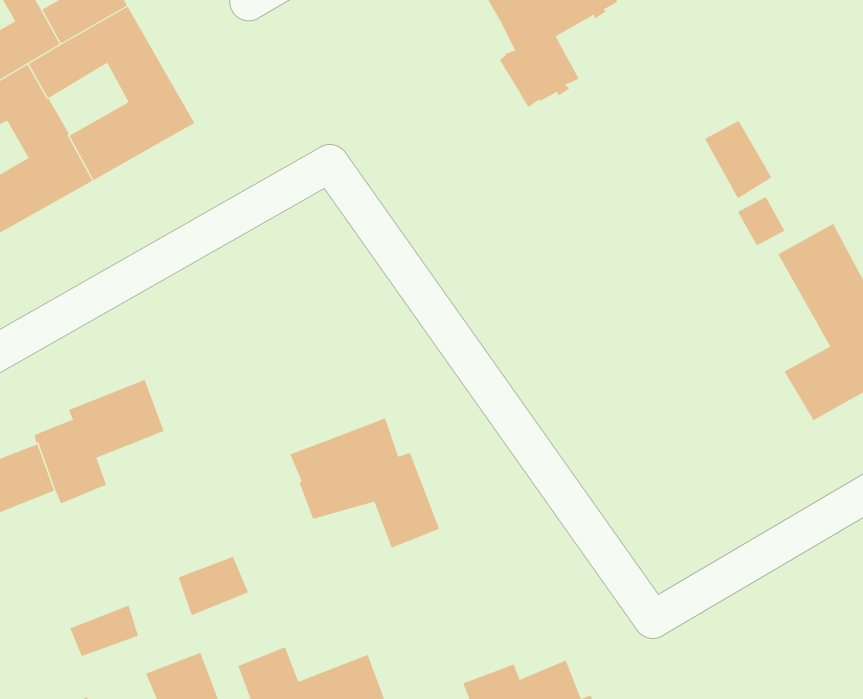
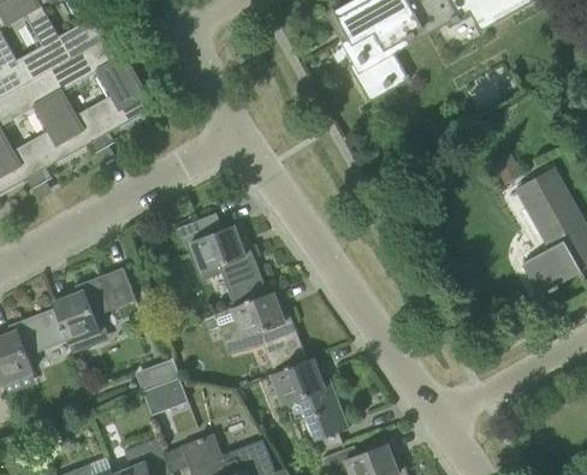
building: [704,120,772,199] -> none
building: none -> [176,213,267,307]
building: none -> [271,360,346,453]
building: [70,605,139,657] -> [136,358,179,391]

